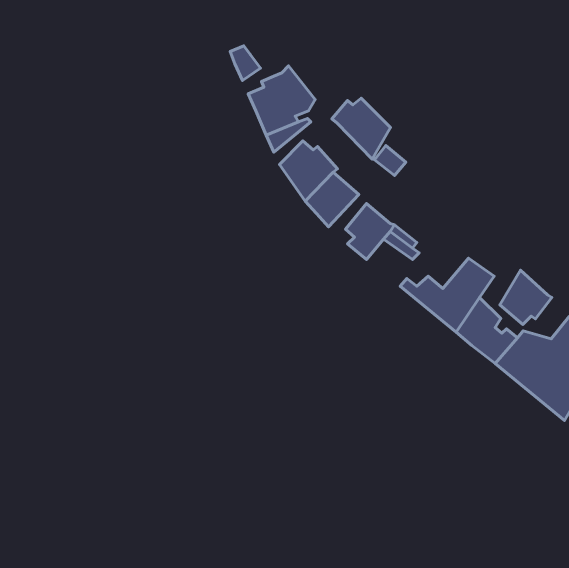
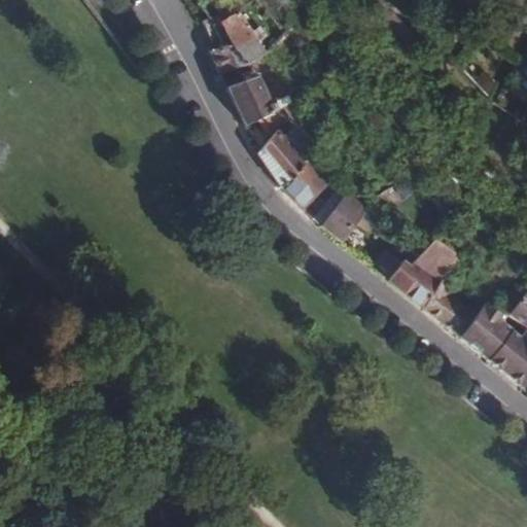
building: none -> [220,8,261,63]
building: [332,98,390,159] -> none
building: [500,270,552,325] -> none

